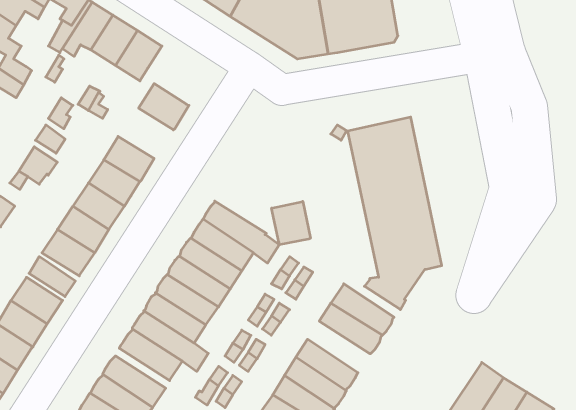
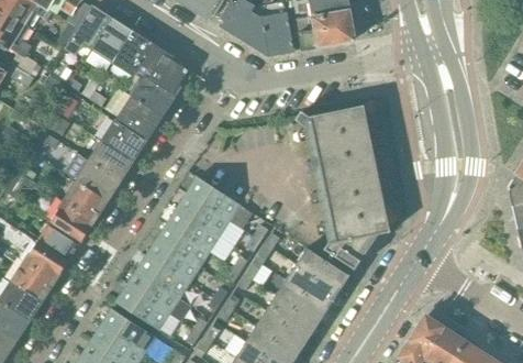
building: none -> [140,45,187,95]
building: none -> [118,98,162,138]
building: [272,201,310,245] -> none
building: none -> [276,279,329,323]

